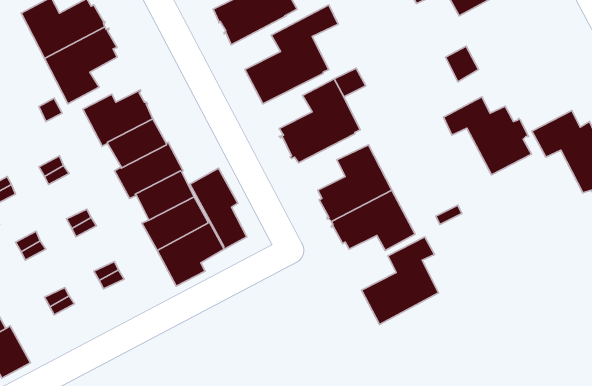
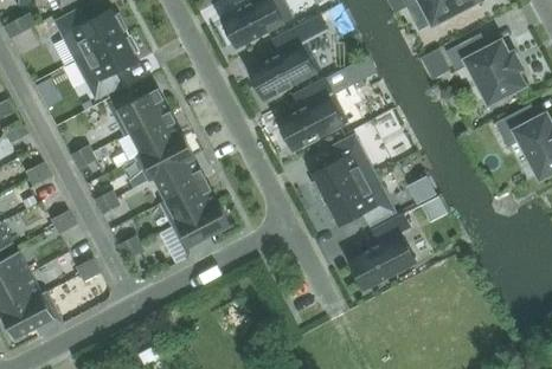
building: [443,97,531,175] -> [448,35,524,103]
building: [190,168,247,249] -> none

